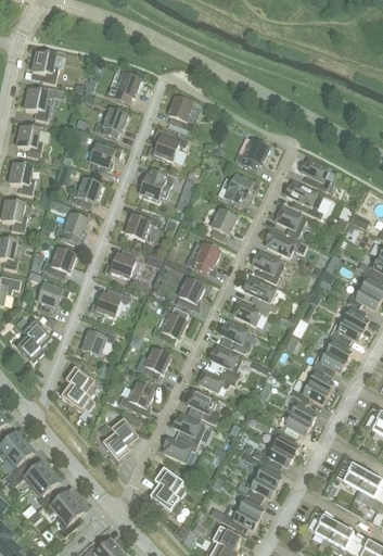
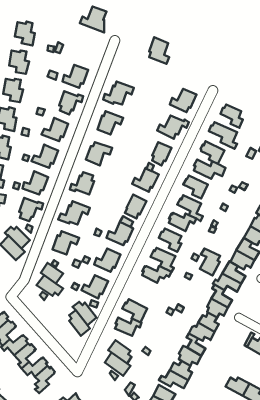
building: [106,73,141,106] -> [80,7,107,32]
building: [168,96,194,130] -> [149,37,169,64]
building: none -> [200,248,220,276]
building: [186,390,220,424] -> none

